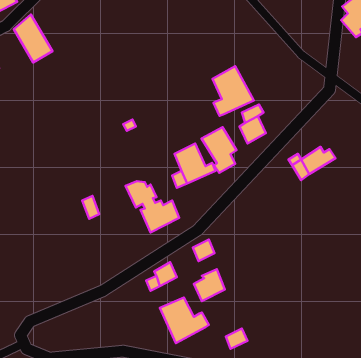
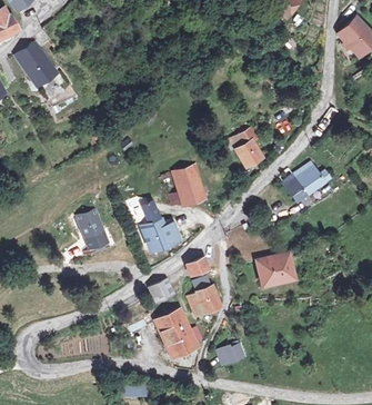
building: [212,66,254,116] -> none
building: [202,127,237,173] -> none
building: none -> [260,254,298,287]

